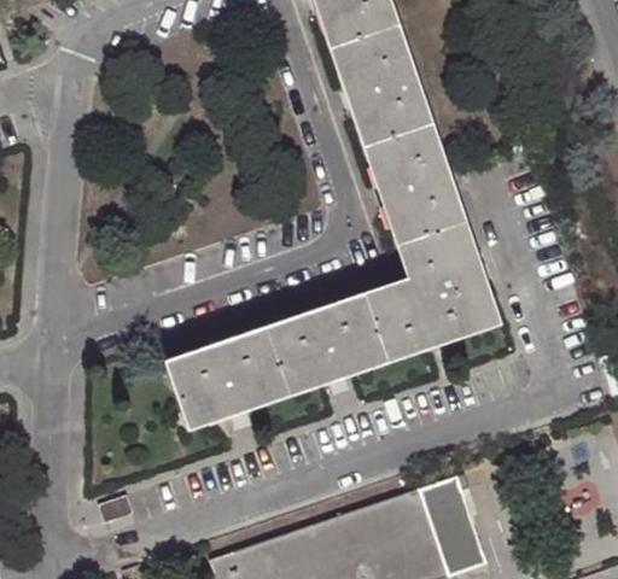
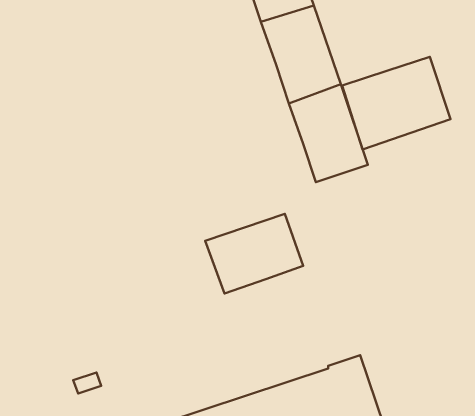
building: none -> [342,57,450,149]
building: [365,234,499,361] -> none
building: [168,329,288,428] -> none

